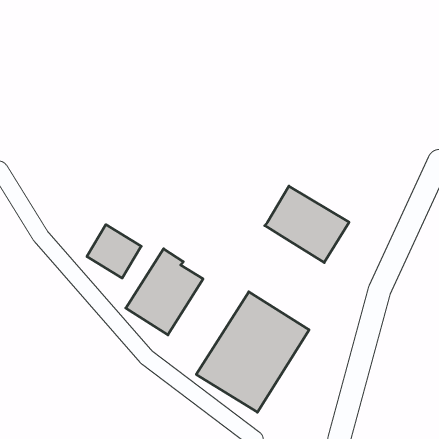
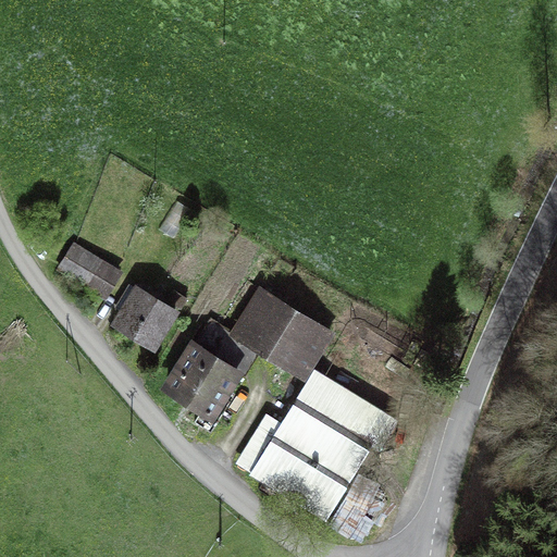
building: [265,186,349,263] -> [228,285,335,382]
building: none -> [55,240,124,299]

